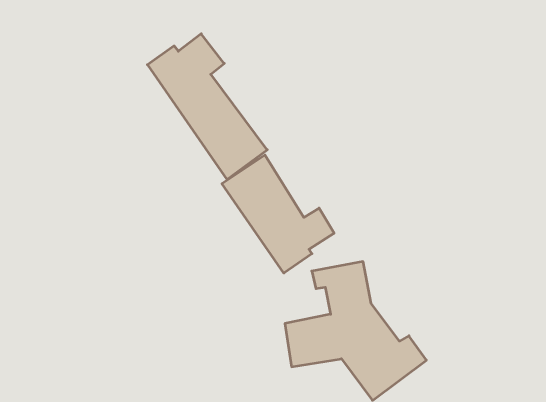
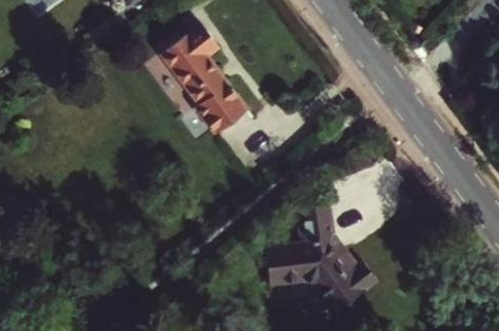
building: [222,155,334,273] -> none

